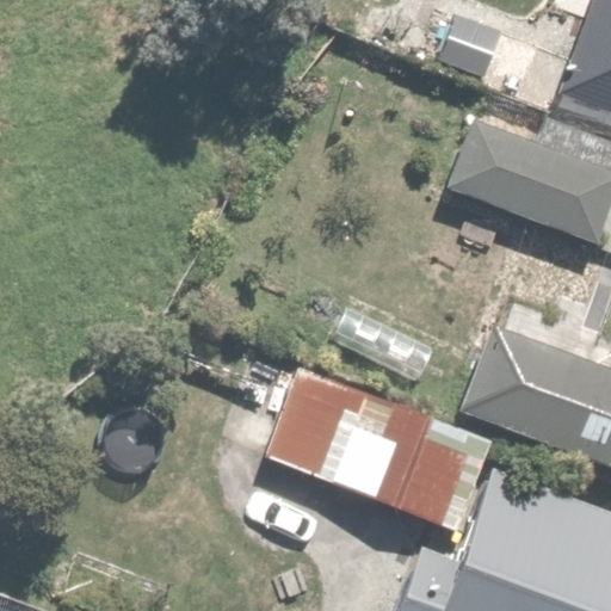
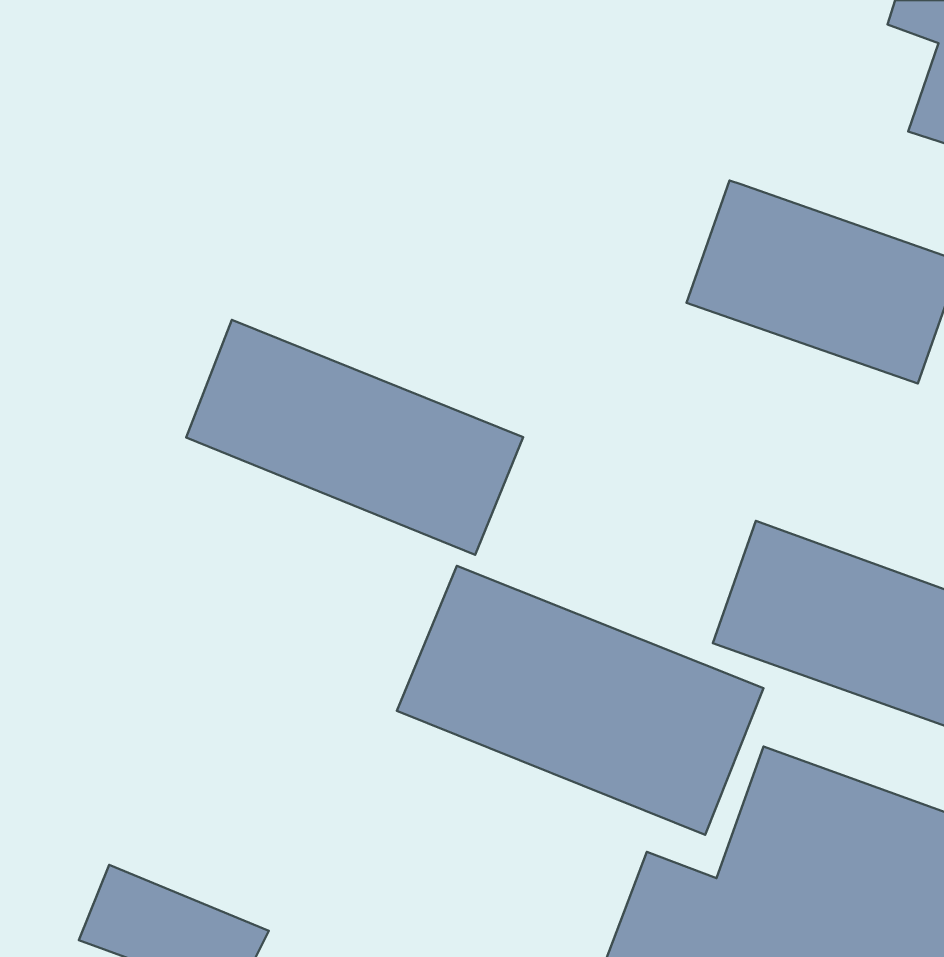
building: none -> [186,320,523,555]

